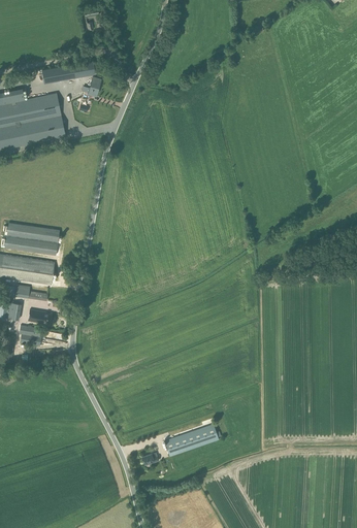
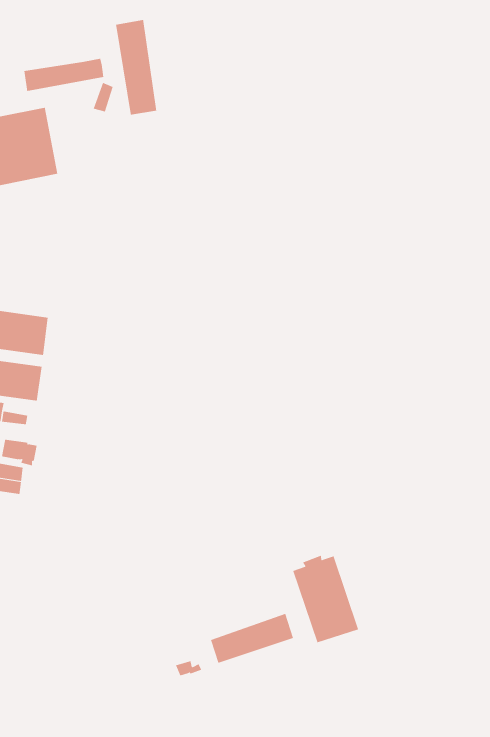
building: none -> [115,19,157,115]
building: none -> [293,555,359,643]

